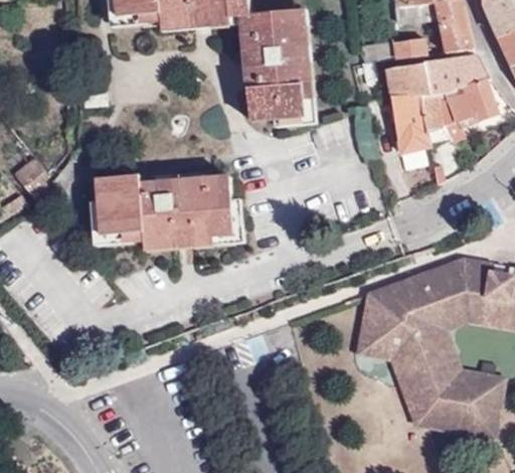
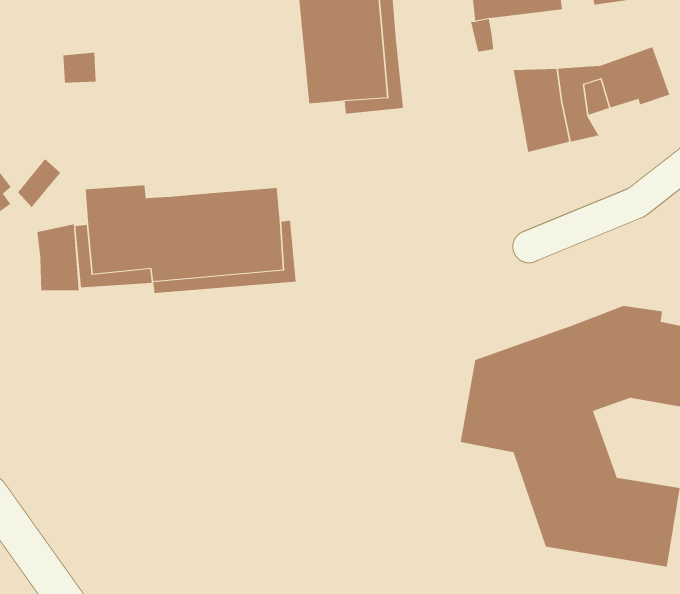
building: [381,54,487,95] -> none
building: none -> [37,224,79,292]

